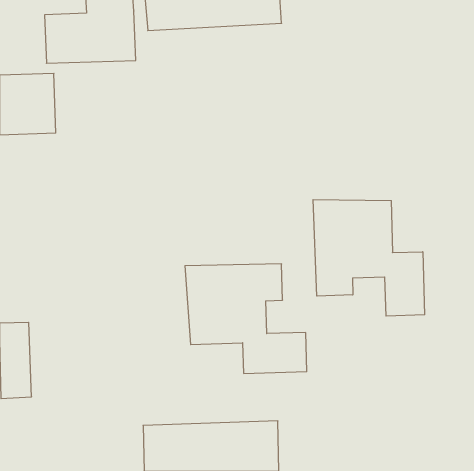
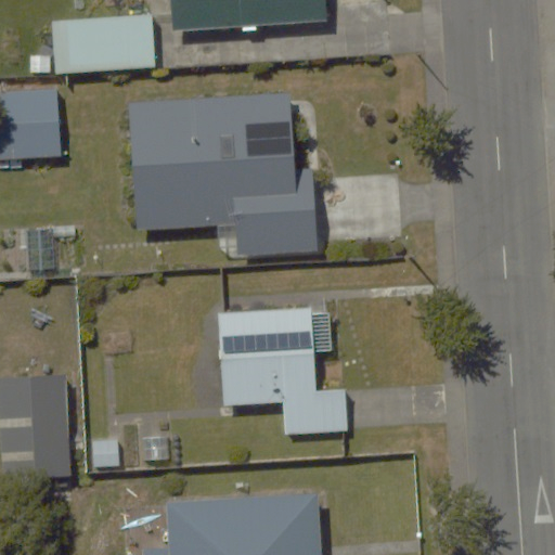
building: none -> [130,100,318,253]
building: [313,200,425,316] -> none

